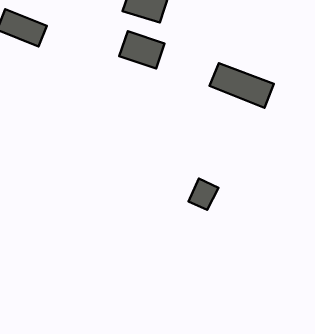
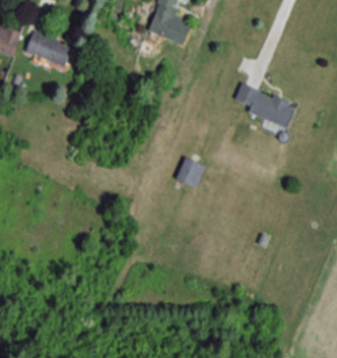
building: [119,31,165,69] -> none
building: [188,179,218,210] -> [176,157,205,187]

